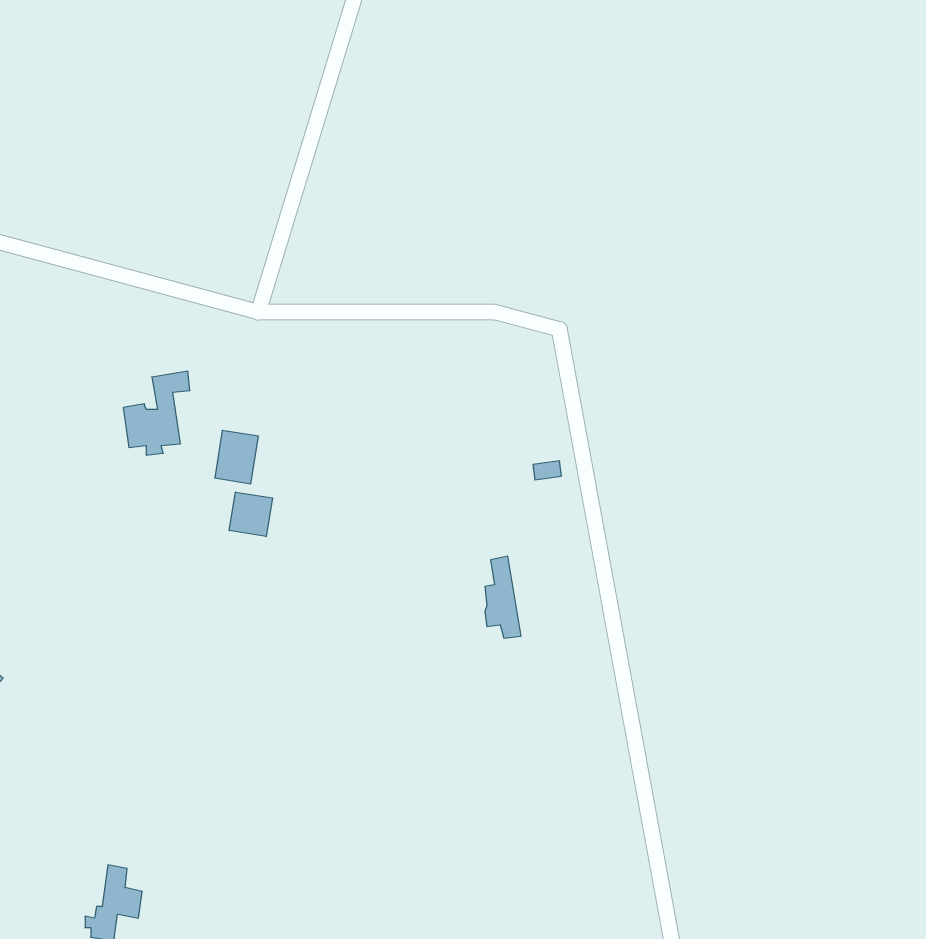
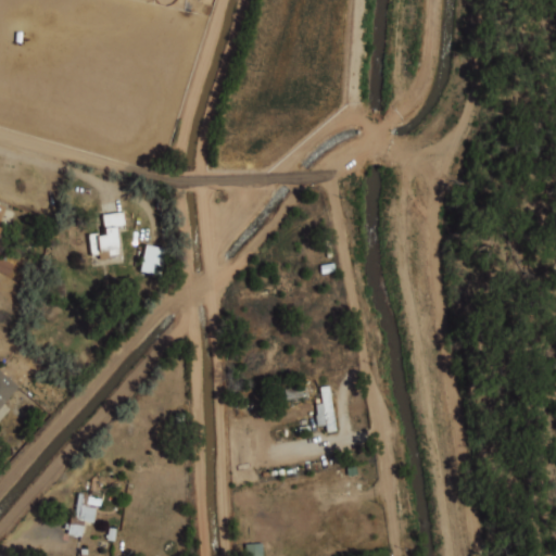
building: [229,492,272,537] -> none
building: [485,556,521,638] -> [316,386,337,432]

